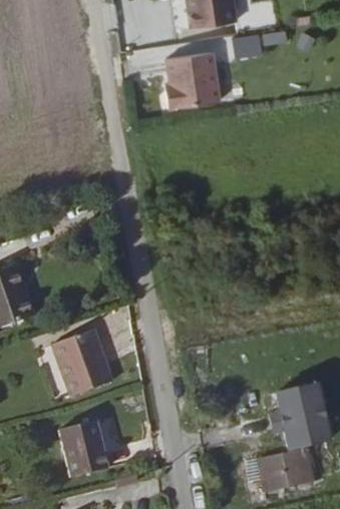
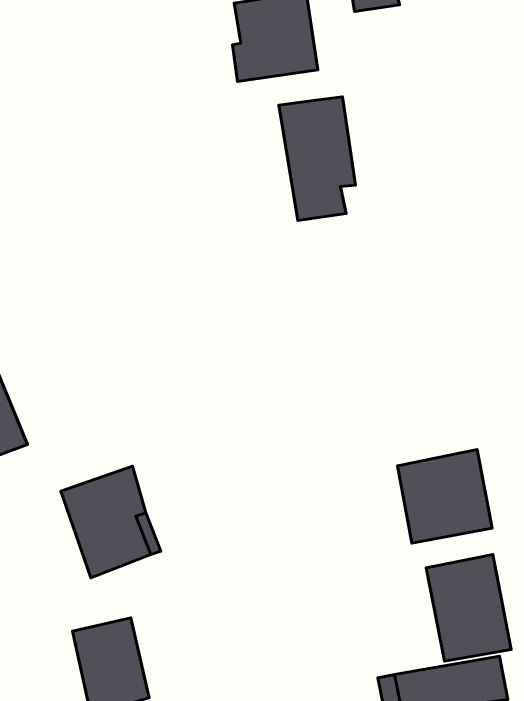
building: none -> [279,97,356,221]
building: none -> [397,449,492,543]

